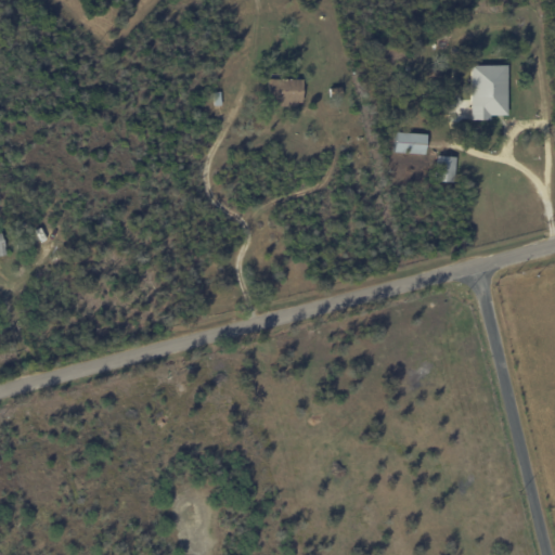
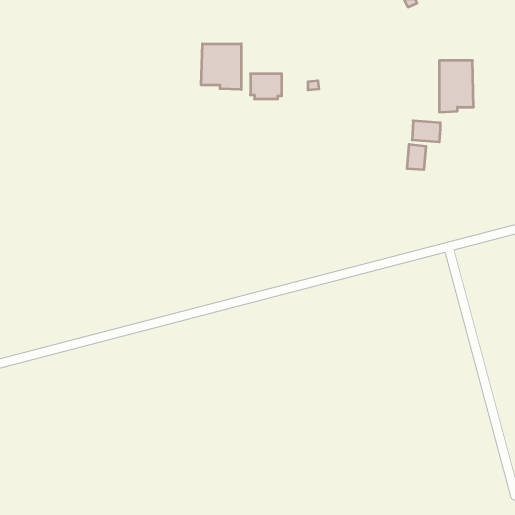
building: none -> [201,44,241,90]
building: [396,131,426,154] -> [412,121,440,142]

